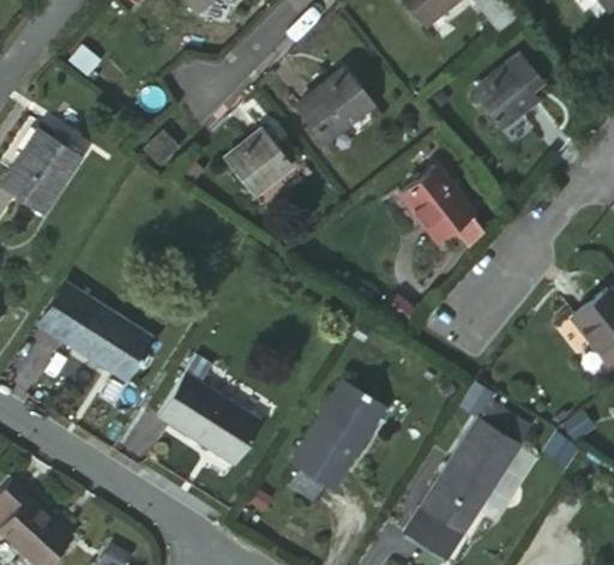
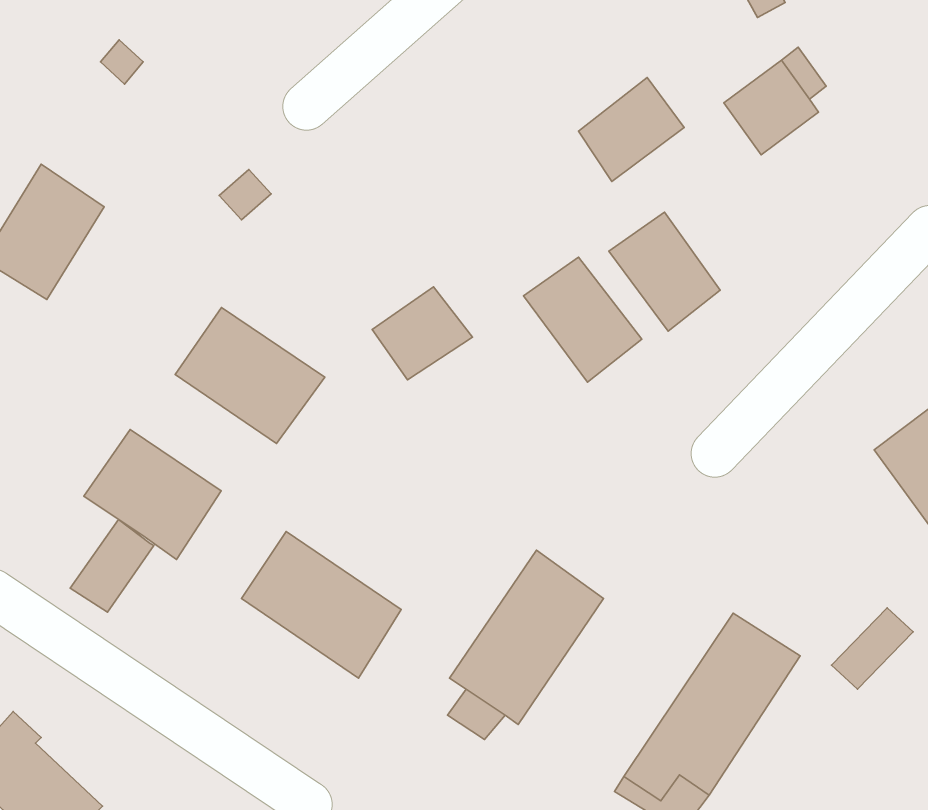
building: [302,66,371,133] -> [578,77,684,181]
building: [225,124,290,184] -> [372,287,473,380]
building: none -> [523,257,642,382]
building: none -> [175,307,325,443]
building: [36,284,90,344] -> [70,519,154,612]

